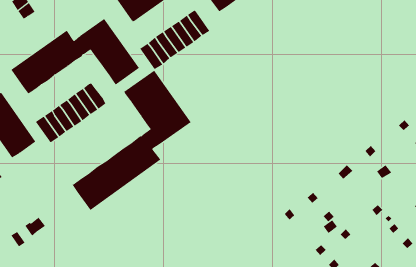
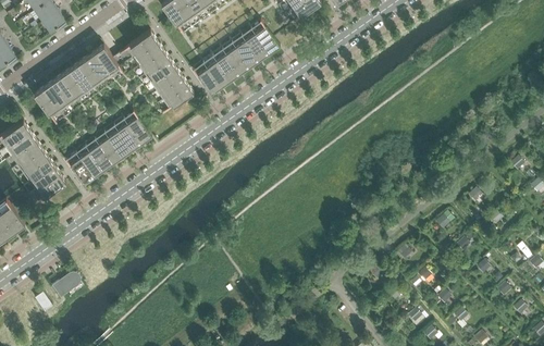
building: [72,70,192,211] -> none

